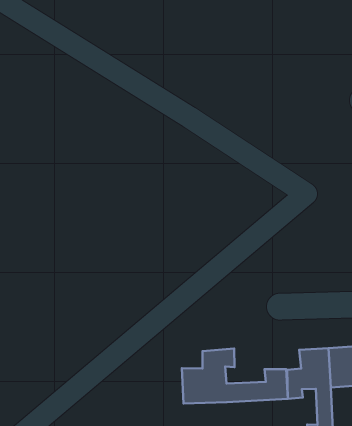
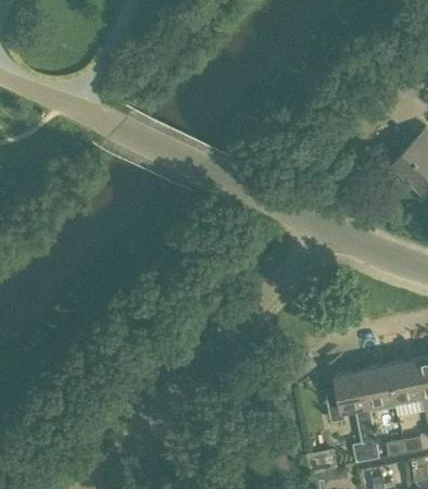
building: [182,349,288,403] -> none

